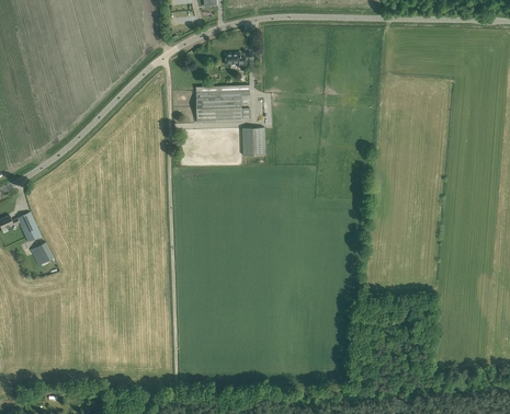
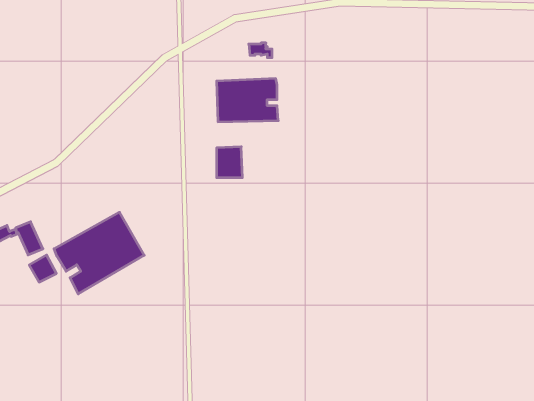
building: [242,128,265,156] -> [217,147,242,178]
building: none -> [54,212,144,294]

